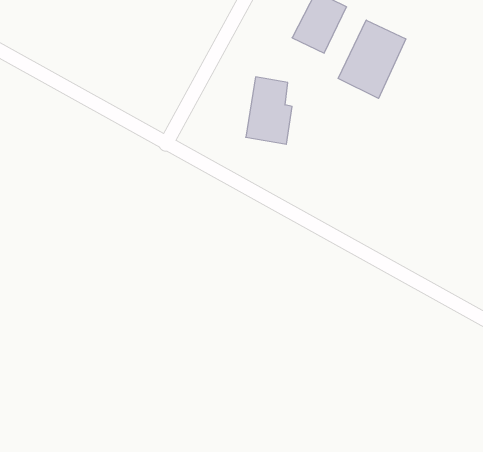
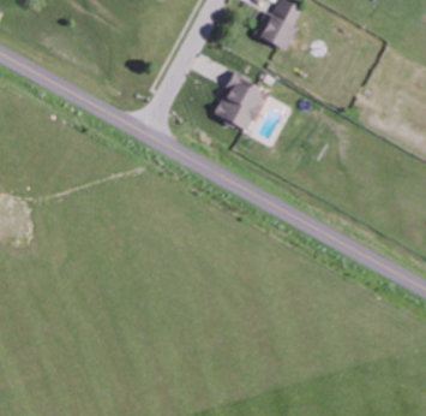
building: [338,20,406,98] -> none

